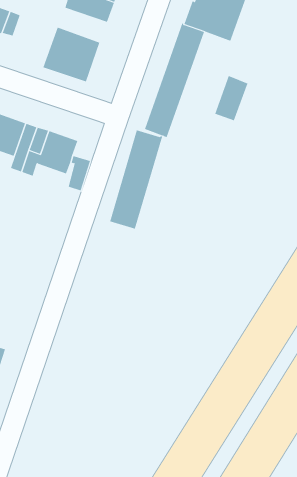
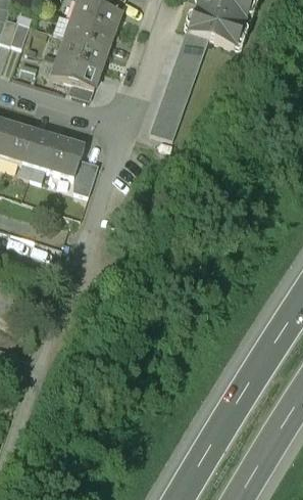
building: none -> [64,16,113,50]
building: [214,75,248,121] -> none
building: [109,129,163,229] -> none

